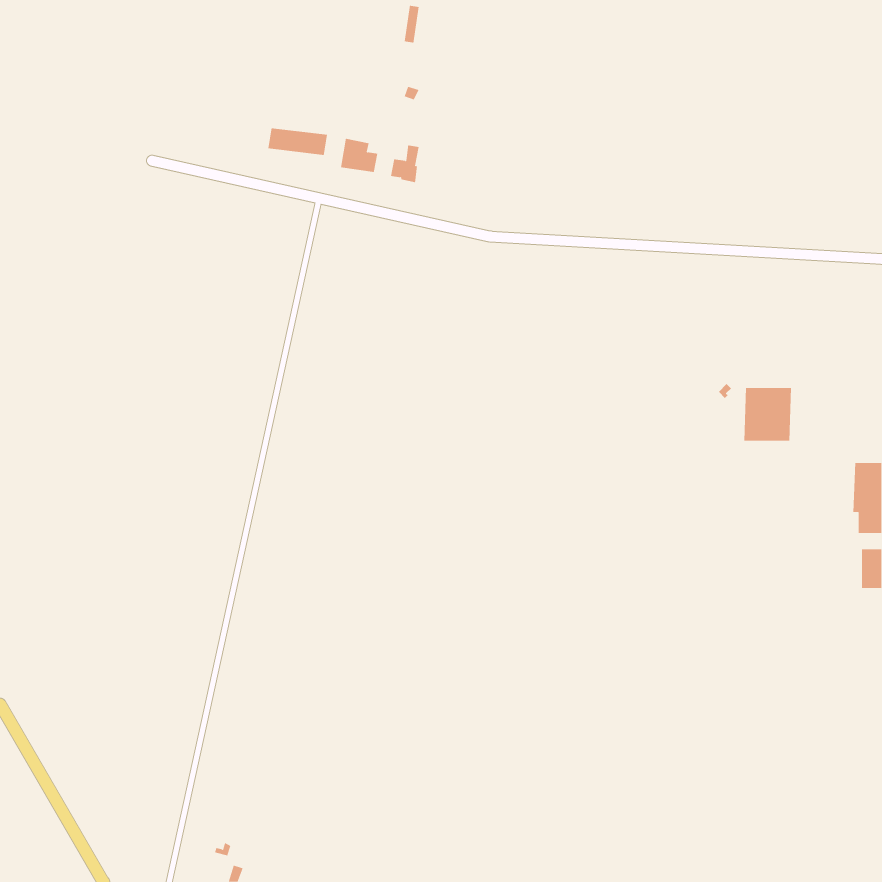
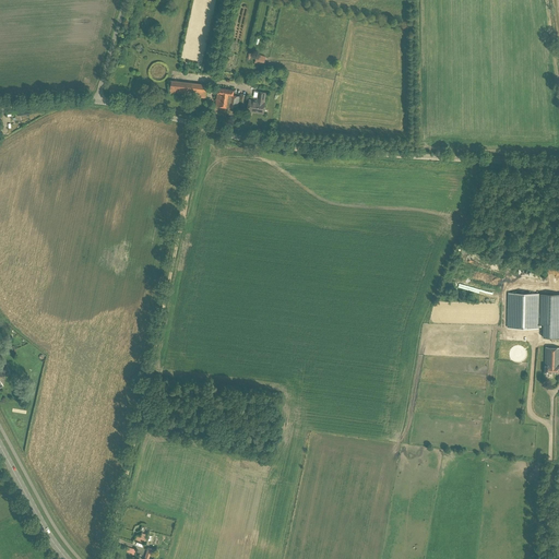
building: [743,388,792,441] -> [508,294,538,328]

